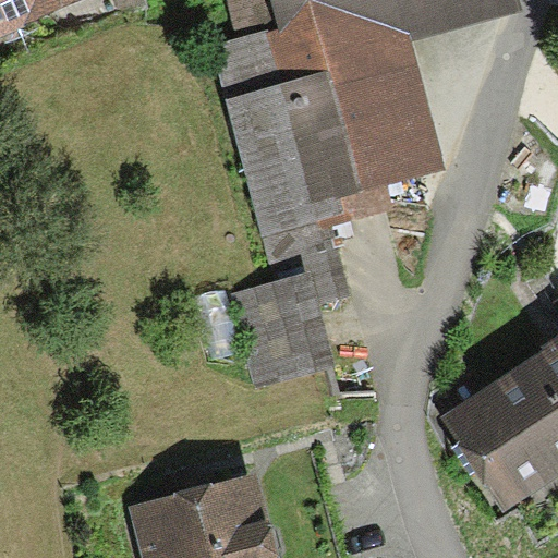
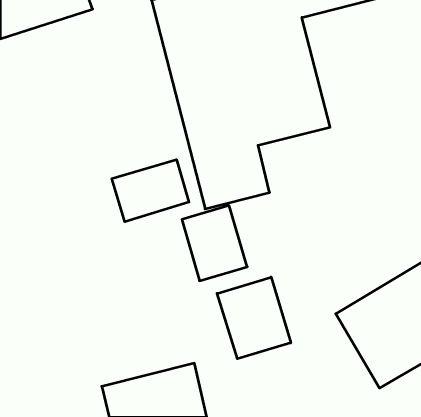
building: none -> [112,160,189,222]
building: none -> [217,277,291,359]

